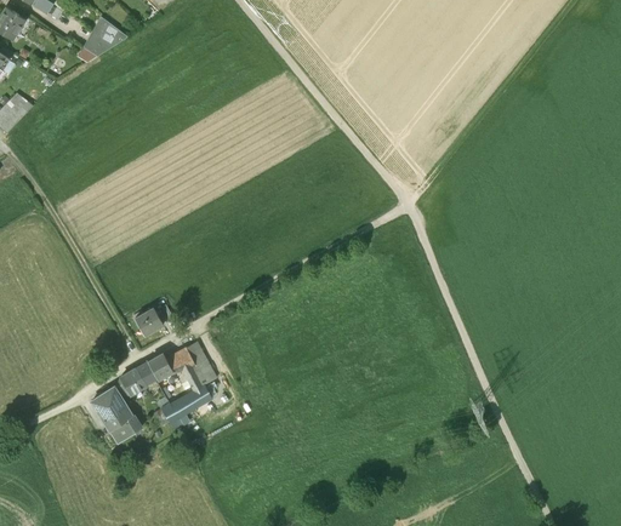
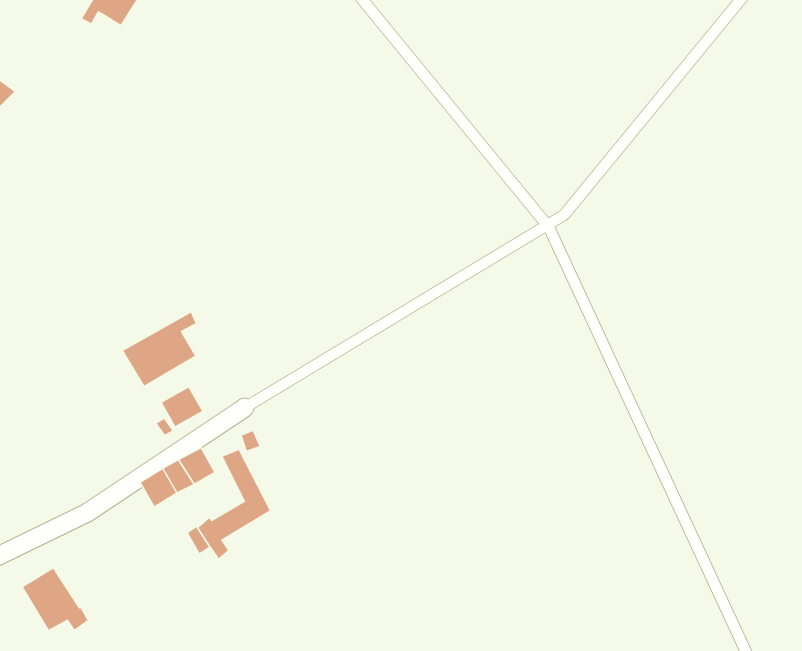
building: none -> [123,312,196,386]
building: [92,388,138,431] -> [22,568,88,630]

